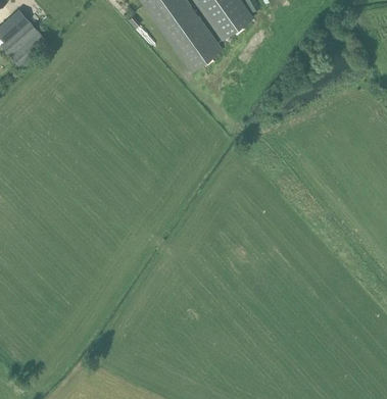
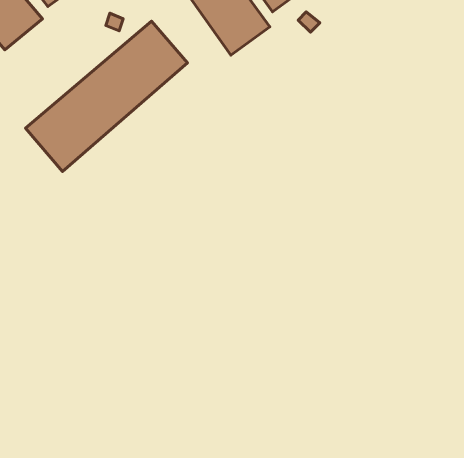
building: none -> [25,21,188,172]

